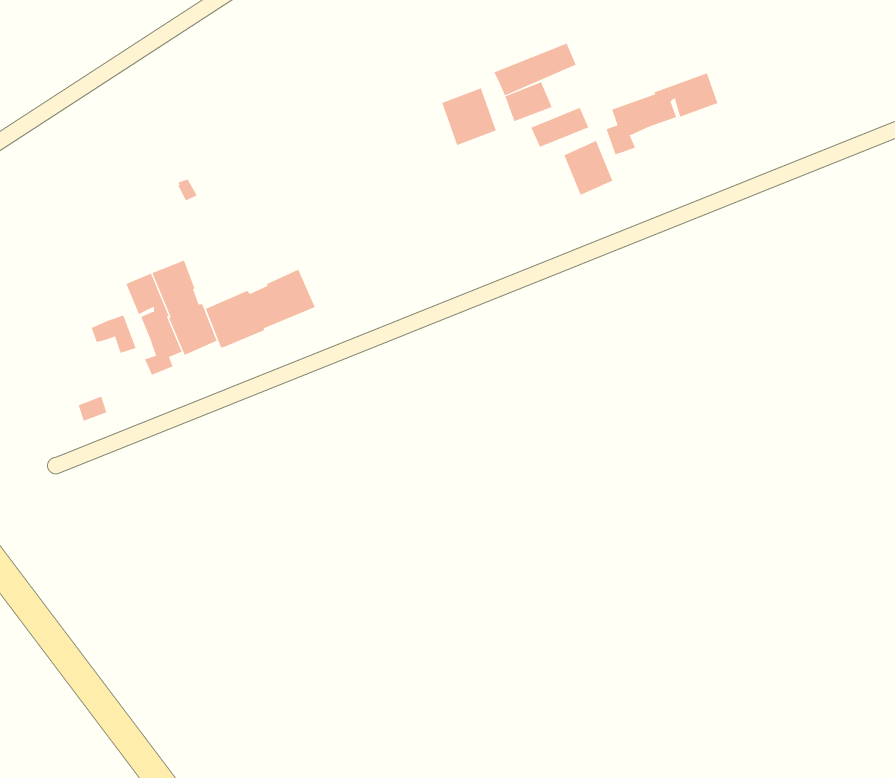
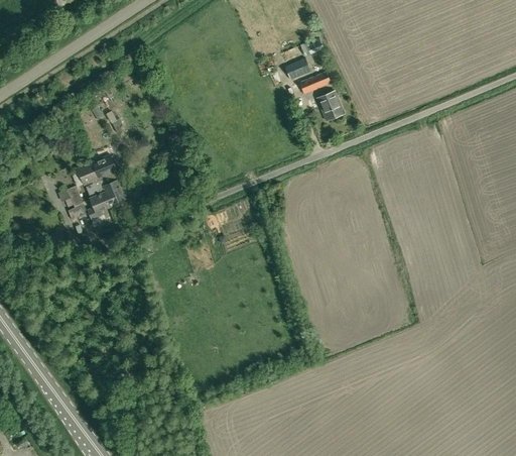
building: [606,73,718,155] -> none
building: [441,88,496,146] -> none
building: [205,269,316,349] -> none

